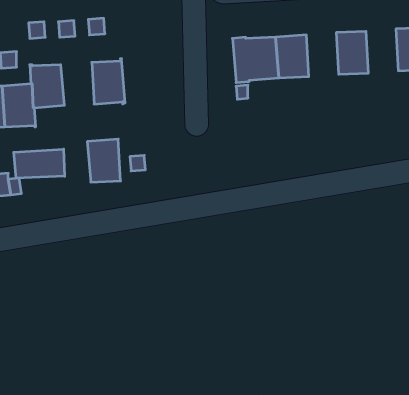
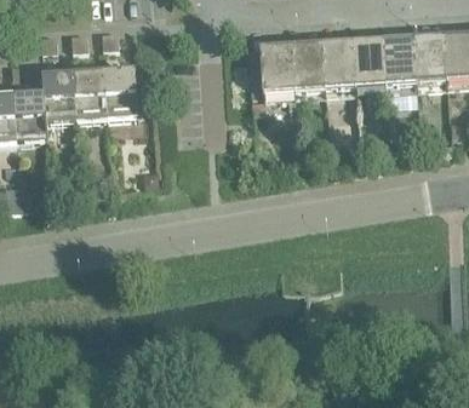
building: none -> [383,36,416,81]
building: none -> [322,40,355,85]
building: [87,139,121,182] -> [73,70,107,114]
building: [14,149,65,178] -> none

